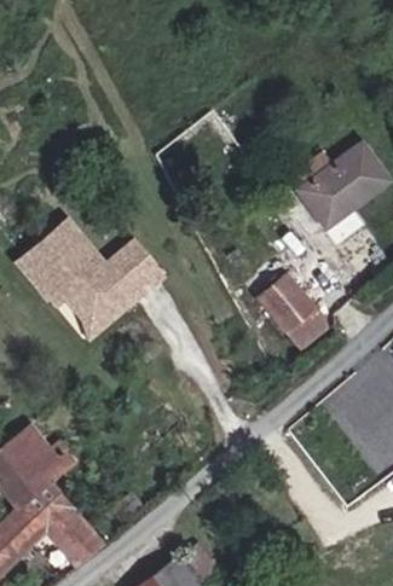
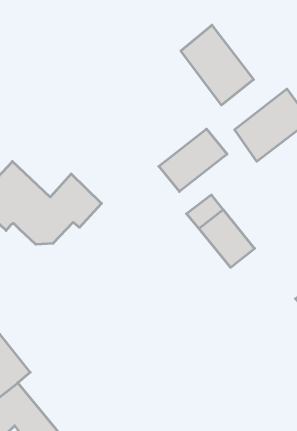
building: none -> [181,25,254,105]
building: none -> [159,129,227,192]

